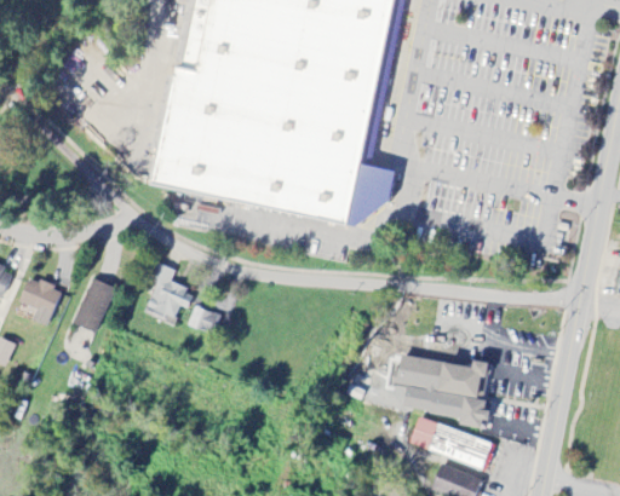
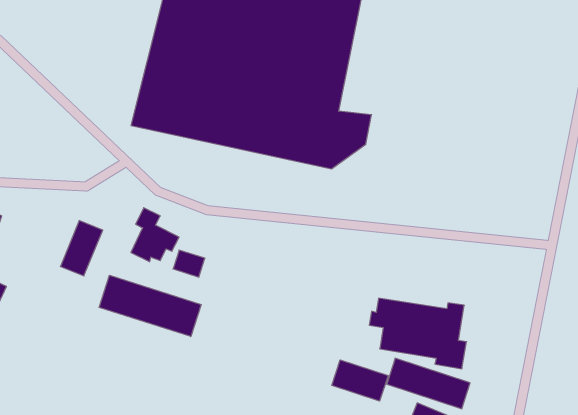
building: [21,277,62,325] -> none
building: none -> [99,275,201,337]
building: none -> [332,360,388,401]

